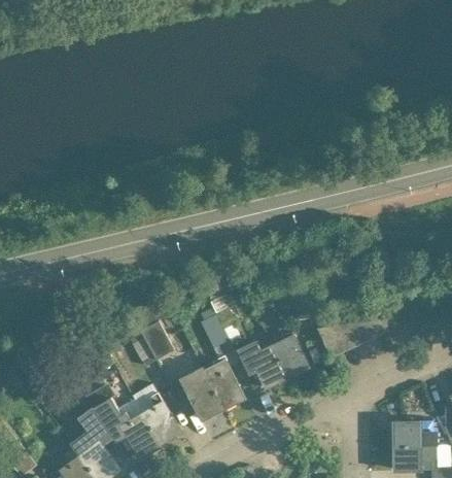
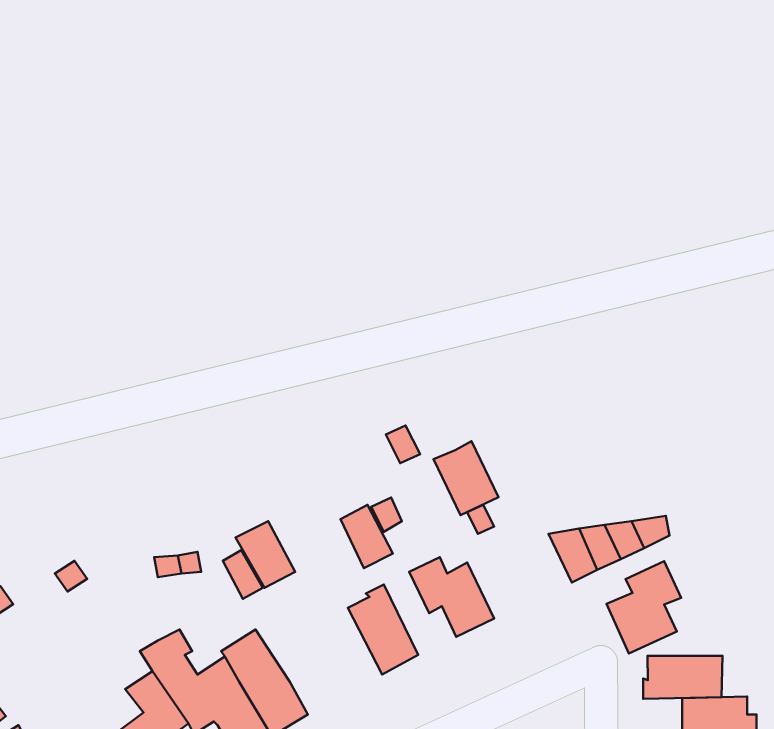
building: [271,335,308,377] -> [433,441,499,515]
building: none -> [606,561,681,654]
building: [180,368,222,419] -> none
building: none -> [643,656,723,699]

